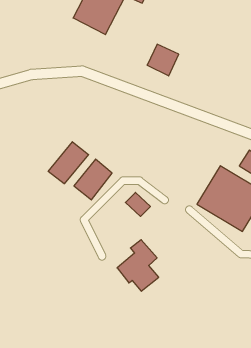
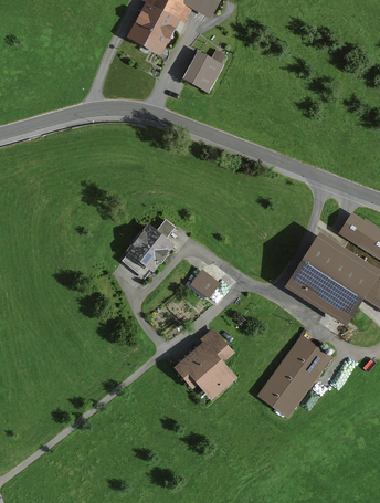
building: [147,44,179,76] -> [181,49,223,91]
building: [48,142,89,184] -> none
building: none -> [257,336,331,416]

